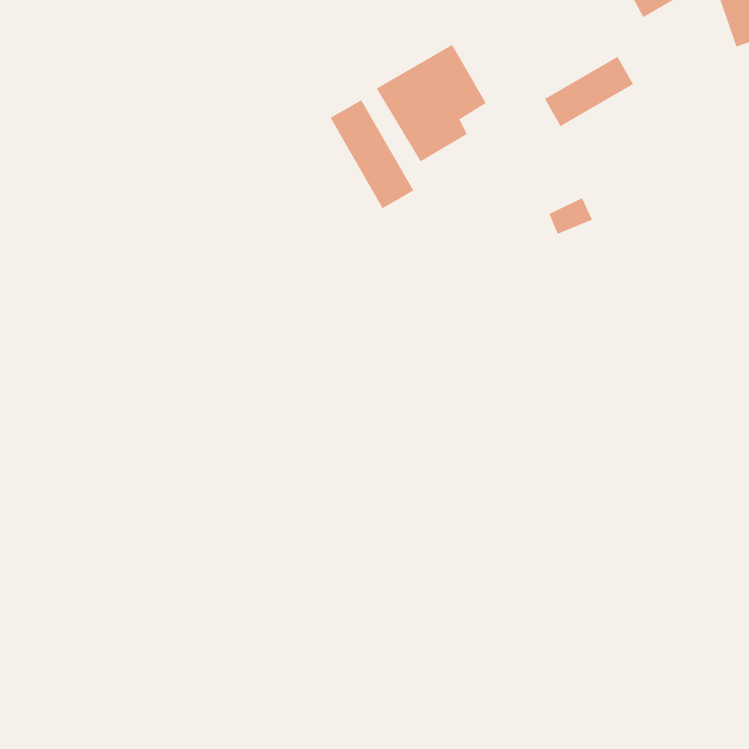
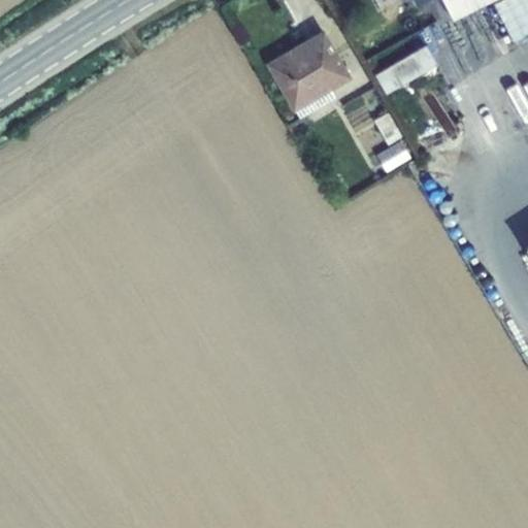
building: [330,99,414,209] -> none

